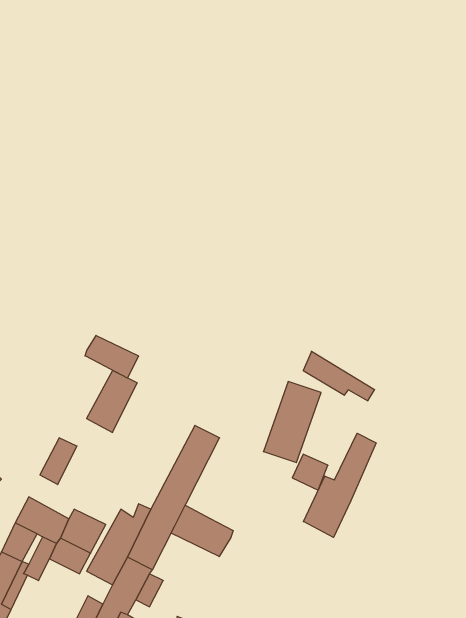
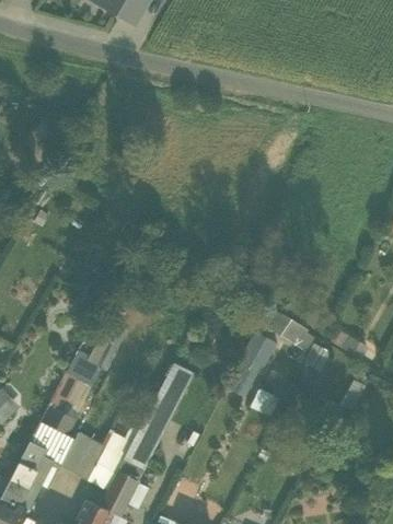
building: [85,335,139,378] -> none
building: [303,433,376,537] -> none
building: [171,505,233,557] -> none

